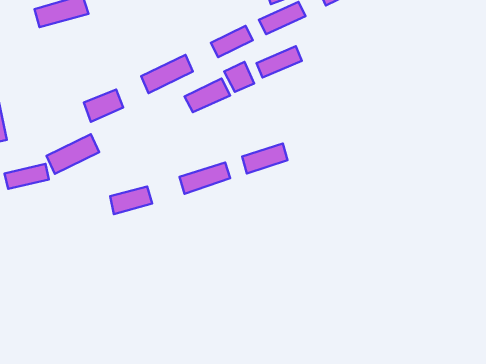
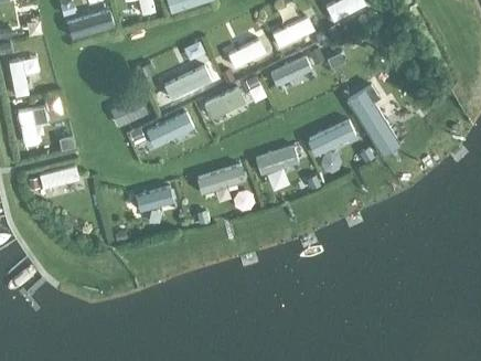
building: none -> [345,89,398,156]
building: none -> [307,119,355,156]
building: [46,134,99,174] -> [146,112,194,148]

